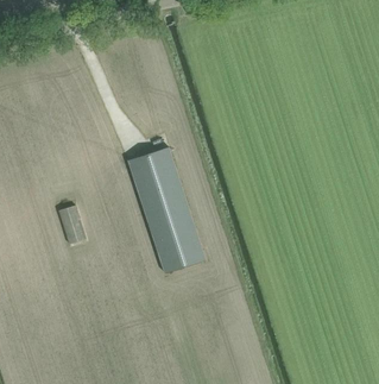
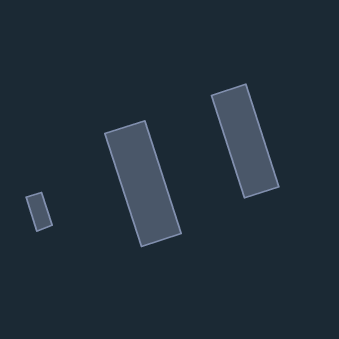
building: none -> [211,84,279,198]

